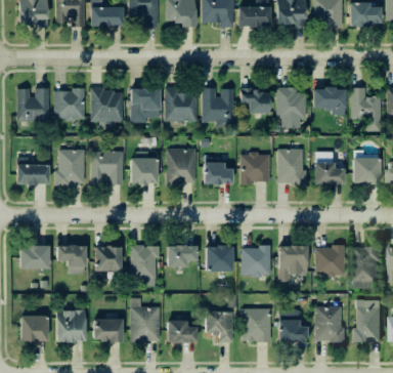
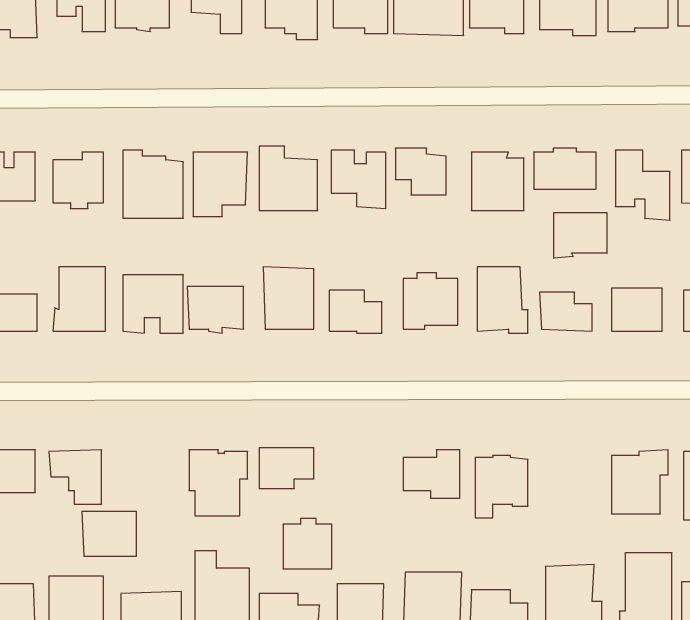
building: none -> [554,213,607,258]
building: [203,244,228,271] -> [283,518,332,569]
building: [314,245,343,277] -> none
building: [91,247,120,271] -> [82,511,136,556]

